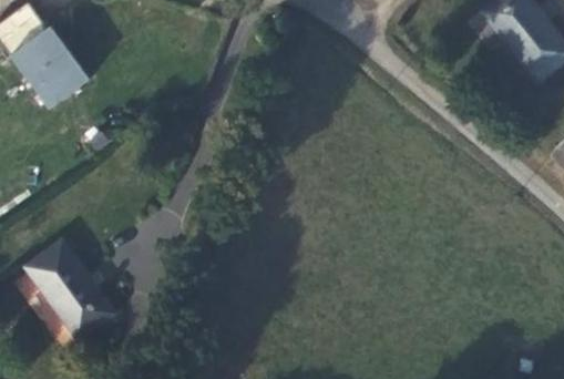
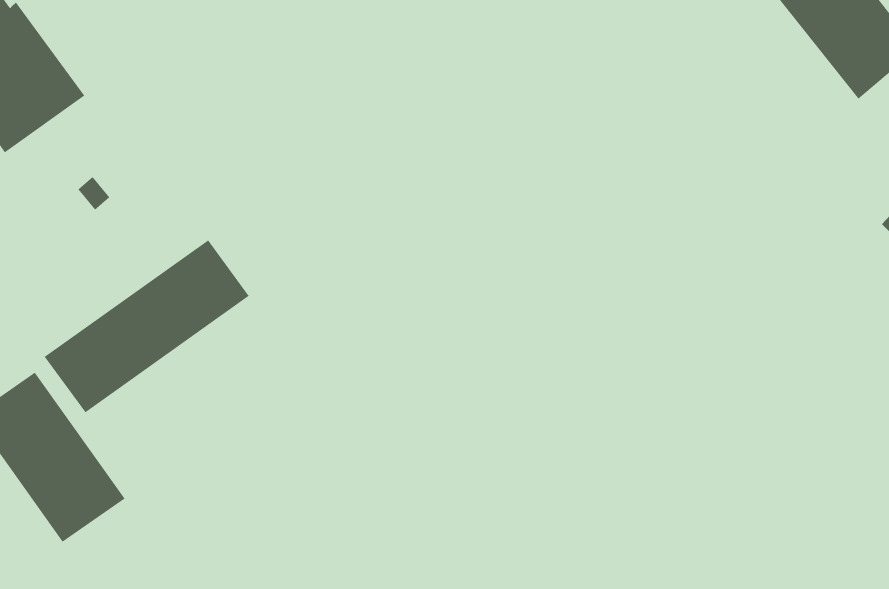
building: none -> [44,240,250,413]

